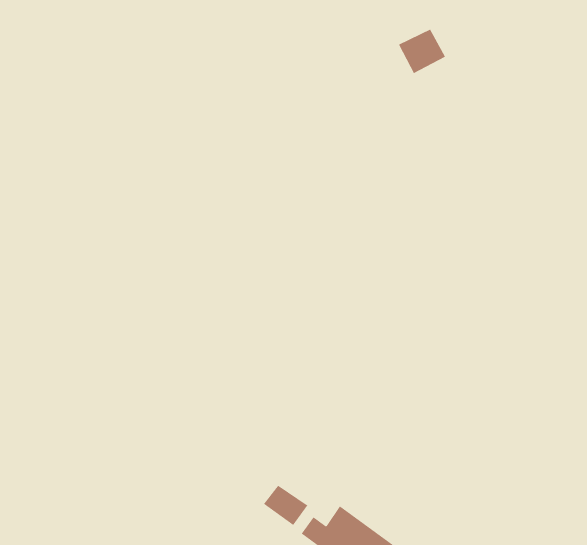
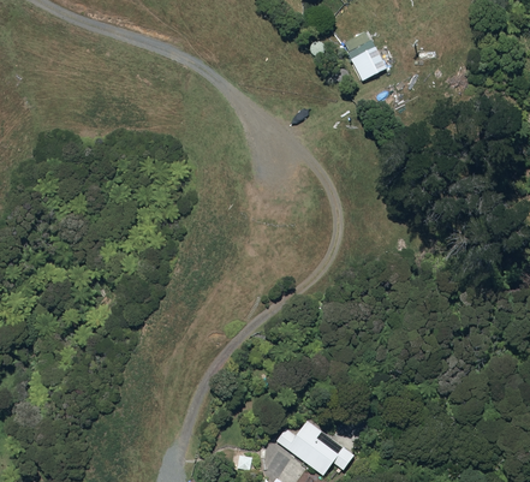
building: [263,485,308,526] -> none

